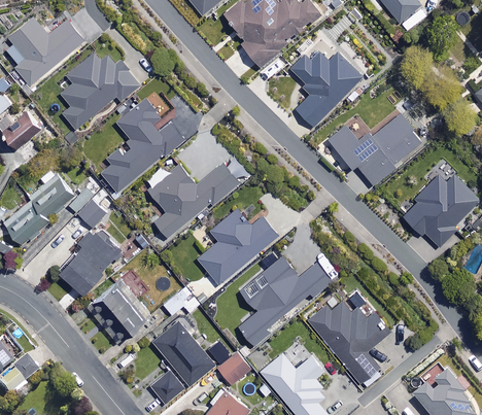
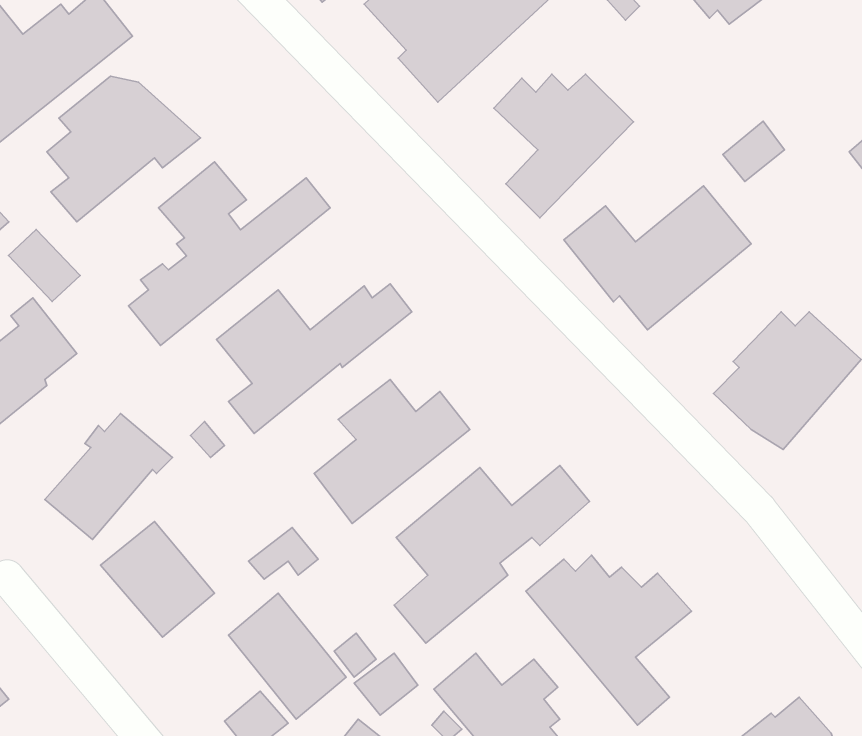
building: none -> [723,121,785,181]
building: [69,191,106,228] -> [8,229,80,301]

